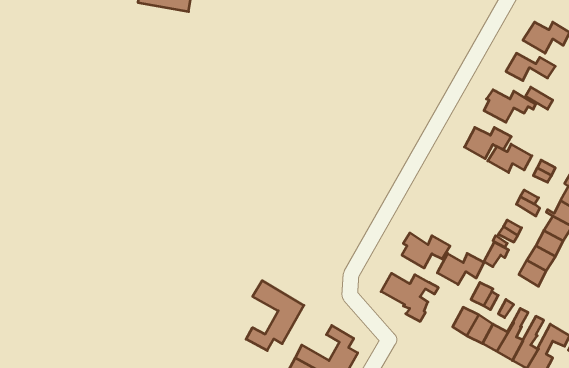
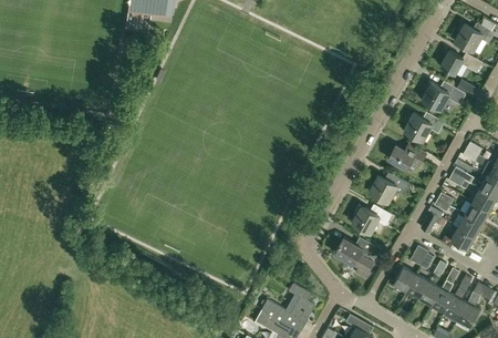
building: [488,144,532,173] -> [388,144,426,168]
building: [437,253,484,285] -> [370,175,409,202]
building: [246,281,304,351] -> none

